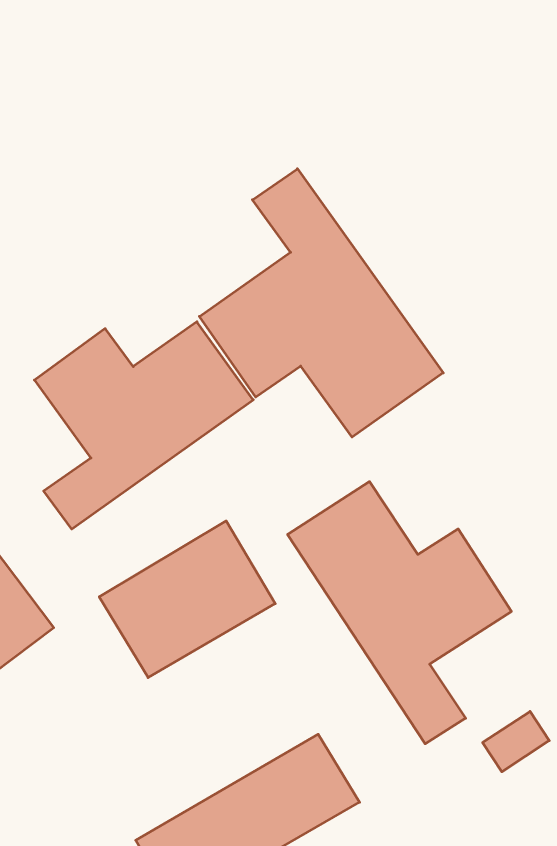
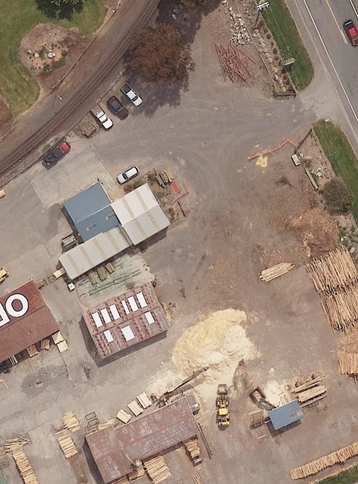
building: [199,169,443,437] -> none
building: [288,482,511,744] -> none

